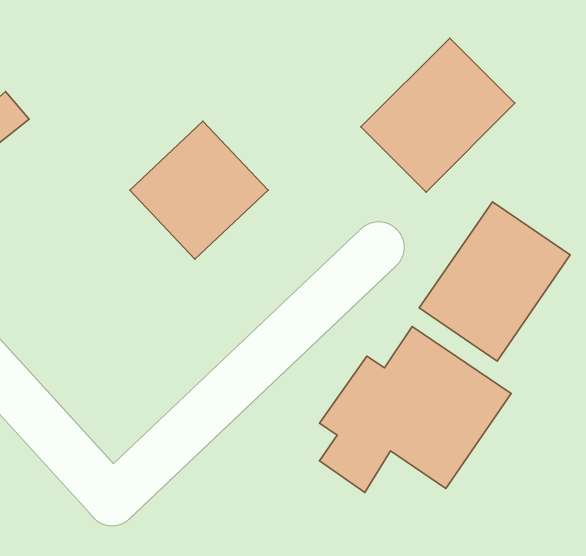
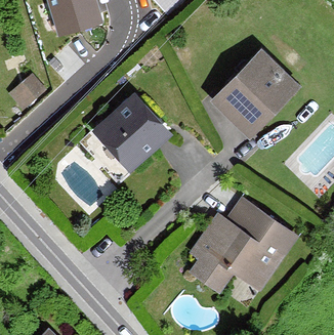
building: [419,202,570,361] -> none

